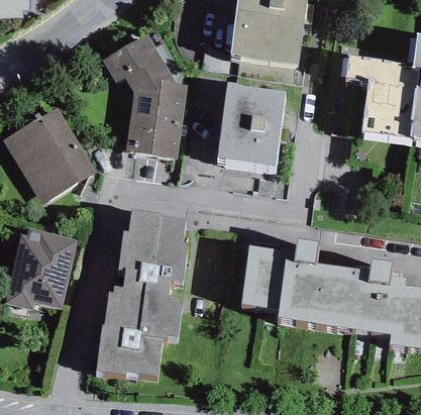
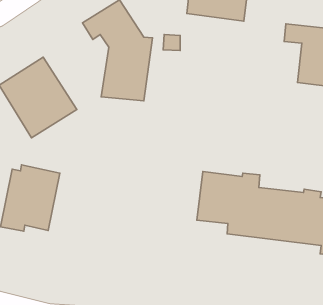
building: [218,90,285,174] -> none
building: [96,218,188,381] -> none

